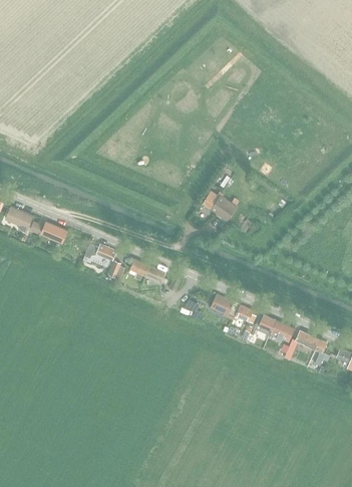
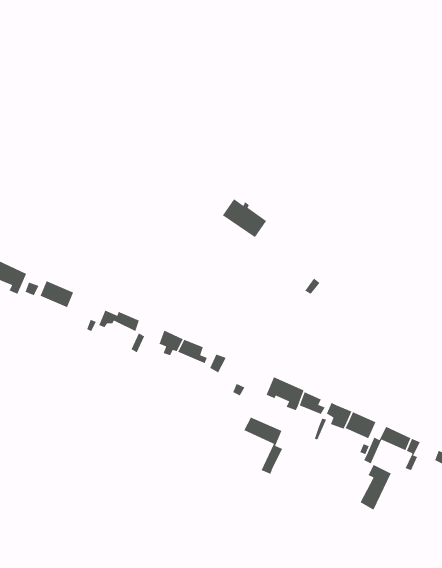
building: [202,190,236,220] -> [222,198,267,238]
building: none -> [243,416,283,475]
building: none -> [360,464,392,511]

